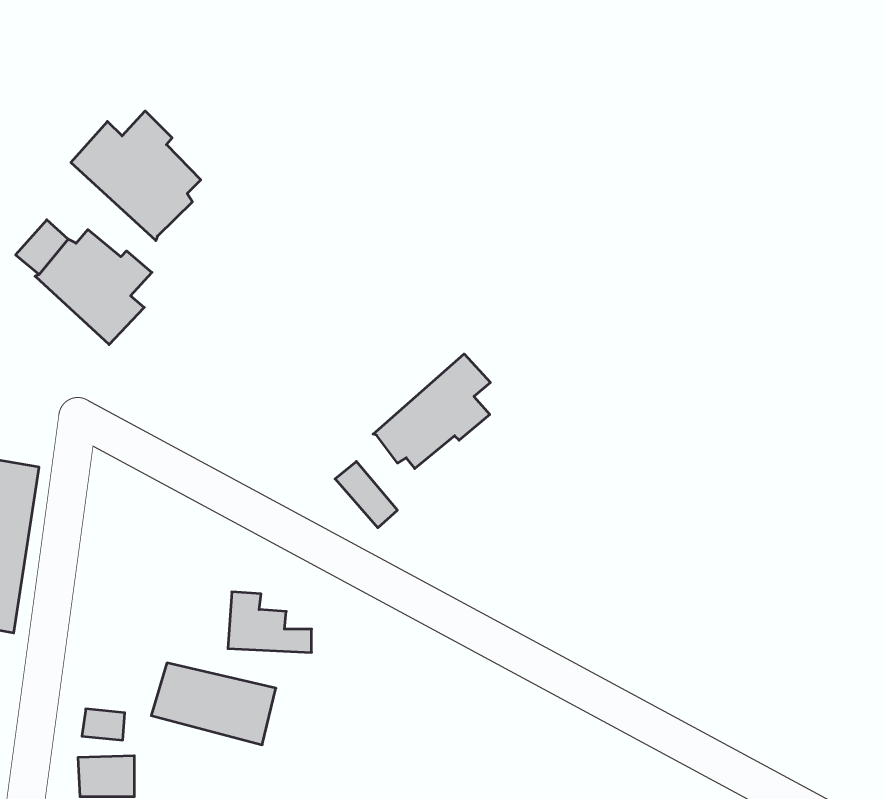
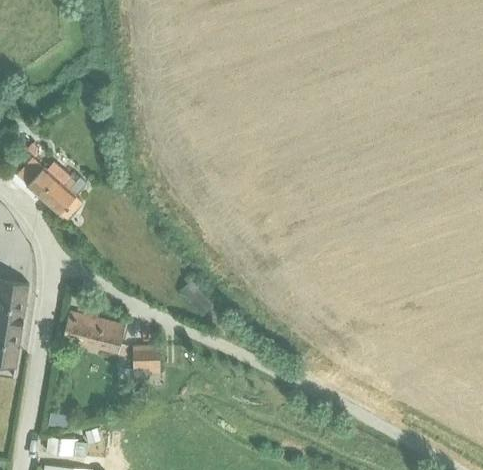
building: [71,111,201,241] -> none
building: [373,354,490,469] -> none
building: [151,663,276,745] -> [62,311,126,353]

